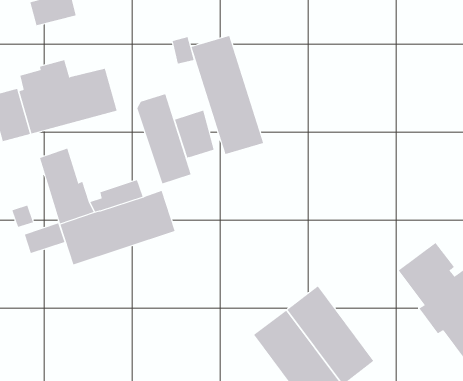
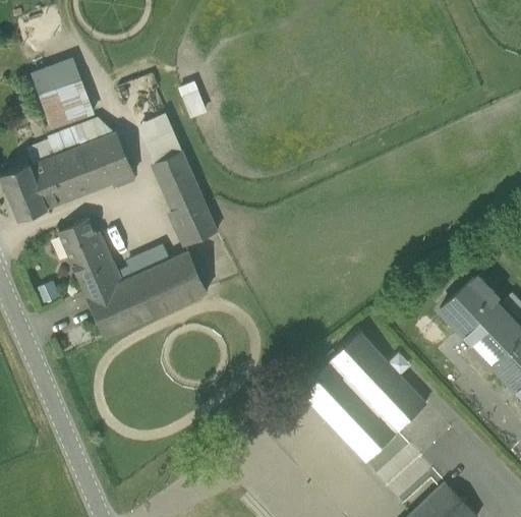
building: none -> [41,82,94,129]
building: [191,35,264,155] -> none
building: none -> [74,120,117,147]
building: [174,110,214,158] -> [137,113,182,165]
building: [24,223,65,254] -> none

